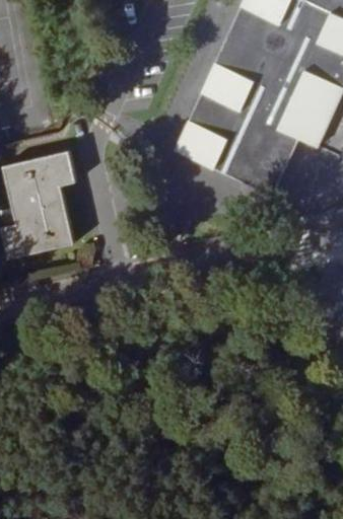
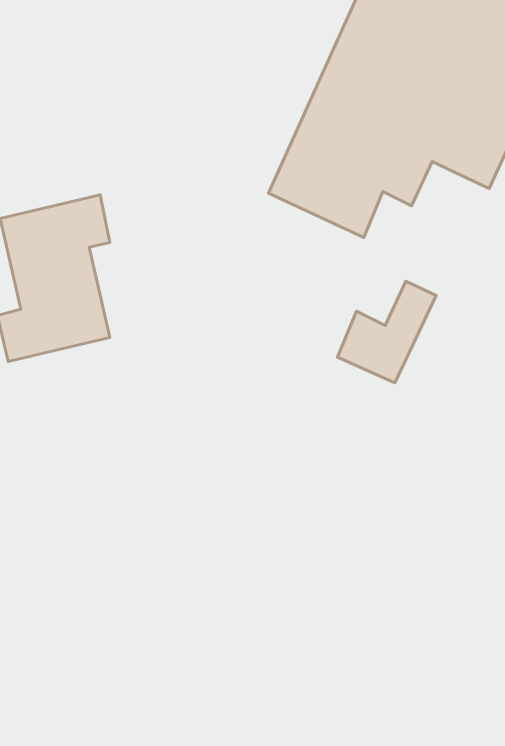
building: [236,130,299,195] -> [338,281,436,383]

